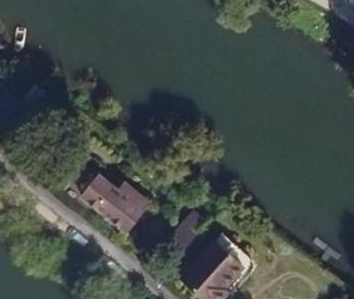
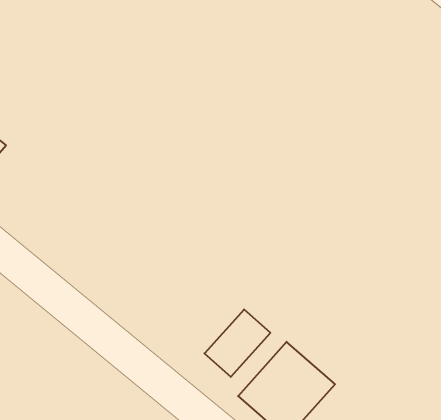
building: [87,175,144,232] -> none

